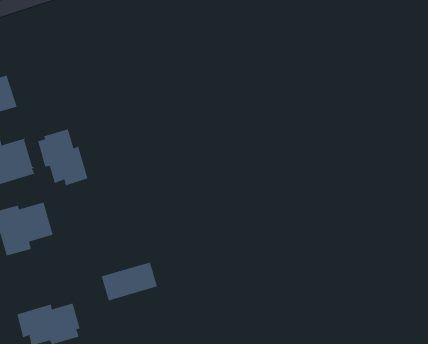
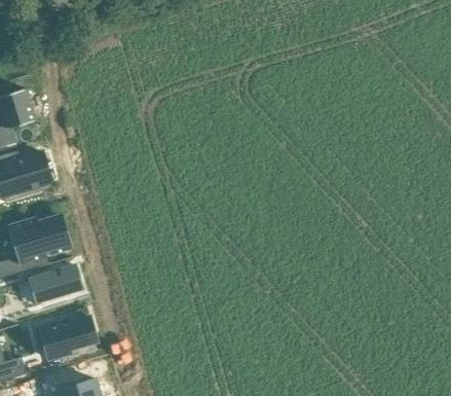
building: [37,128,88,186] -> none
building: [101,262,158,301] -> [26,264,82,303]

